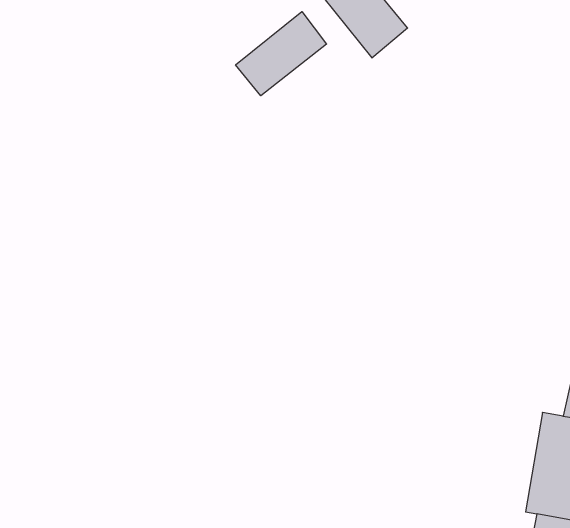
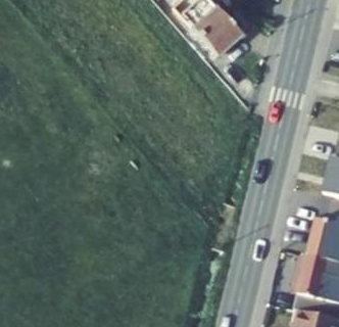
building: [236,12,327,96] -> none

